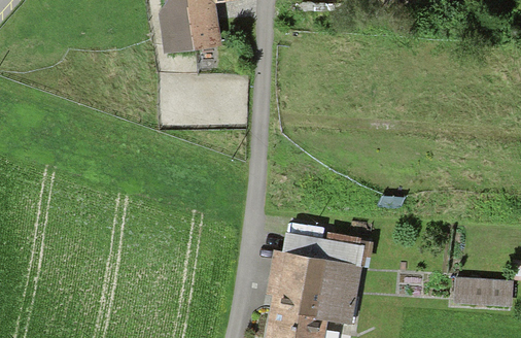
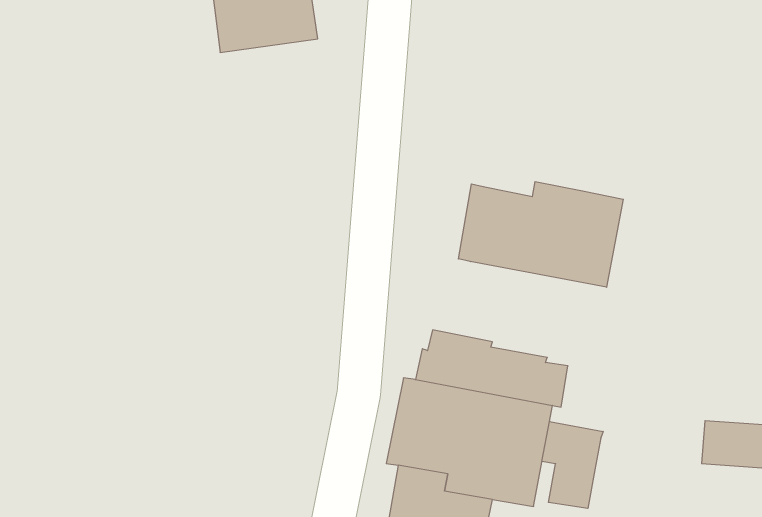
building: none -> [458,182,623,287]
building: none -> [542,421,603,508]

